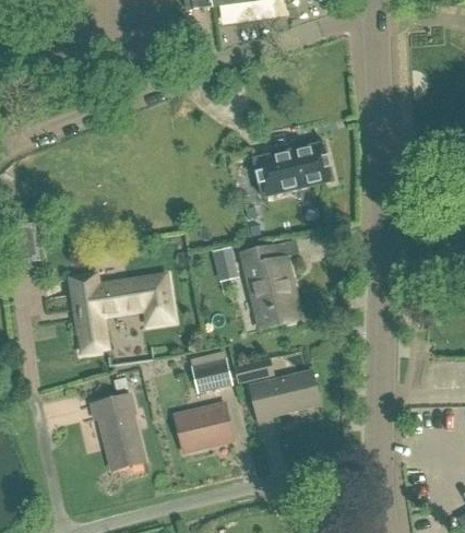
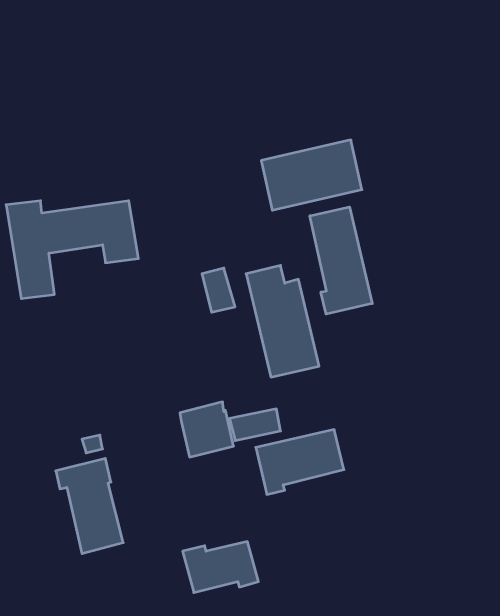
building: none -> [310,207,372,314]
building: [69,273,174,351] -> [6,201,138,299]
building: [174,406,234,447] -> [183,542,258,593]

